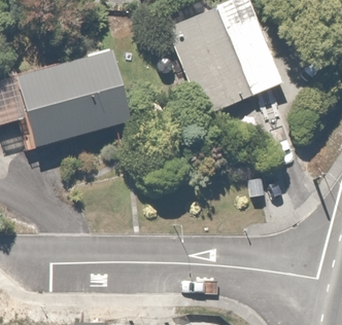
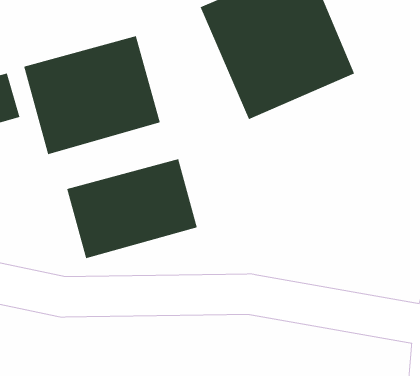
building: none -> [66,158,198,259]

